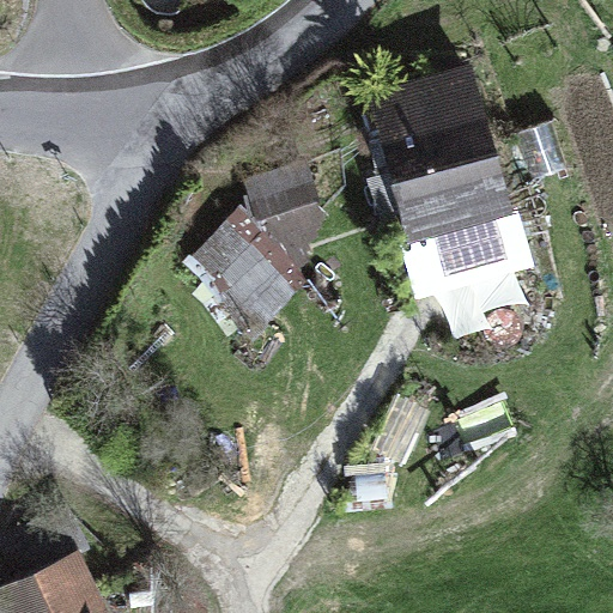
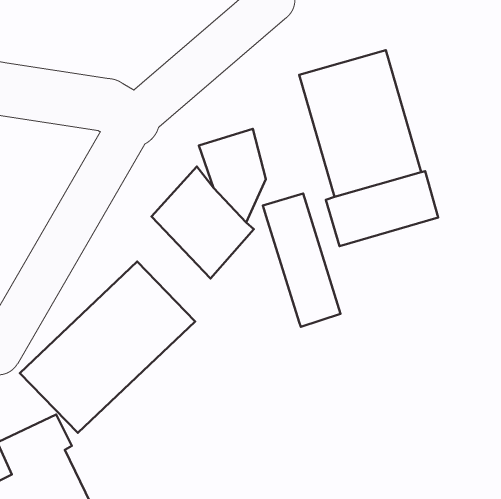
building: none -> [263,193,340,327]
building: none -> [20,261,195,433]

